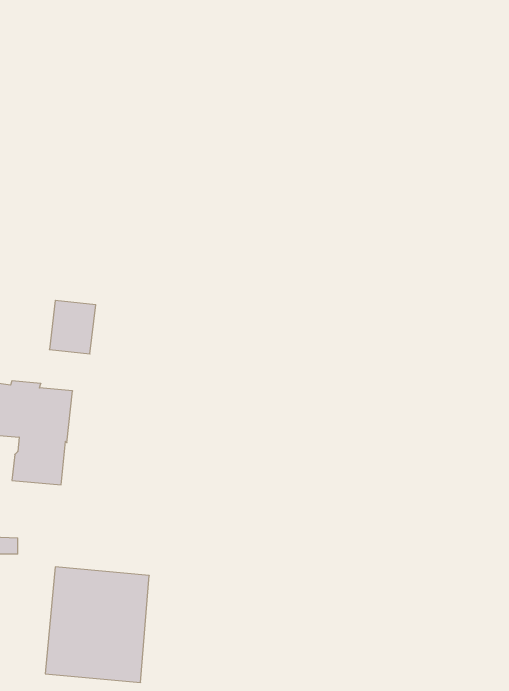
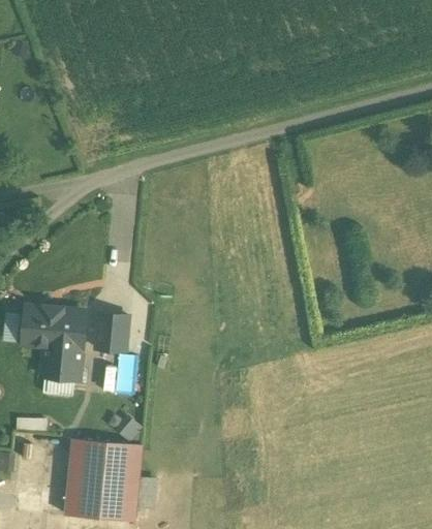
building: [49,300,96,354] -> [95,314,128,352]

